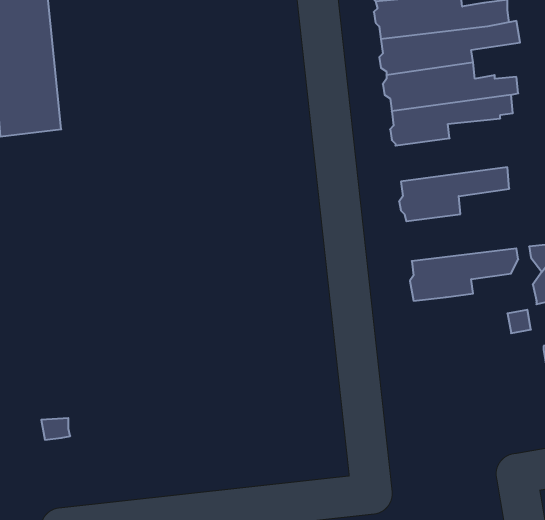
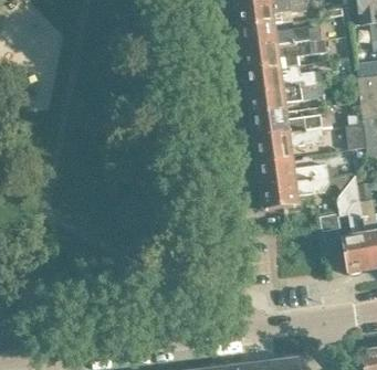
building: none -> [251,108,333,135]
building: none -> [258,155,326,183]

